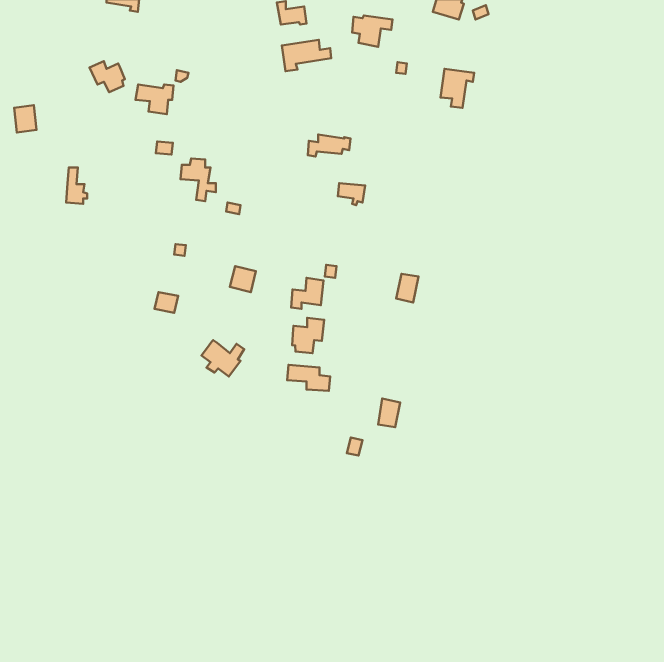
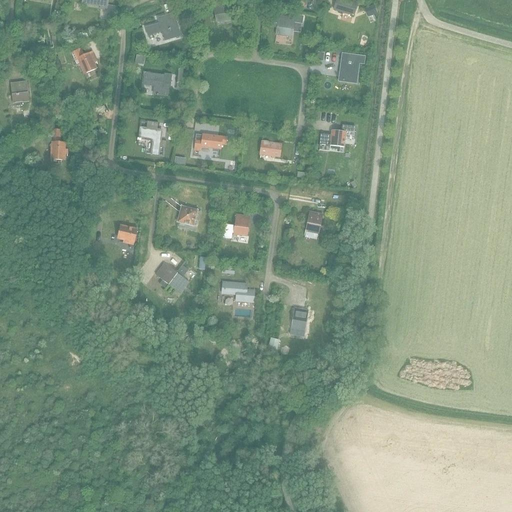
building: none -> [146,13,180,39]
building: [282,40,331,71] -> none
building: [136,84,173,114] -> [143,72,172,95]
building: [308,134,351,157] -> [194,133,227,150]
building: none -> [319,124,355,146]
building: [292,318,324,353] -> none

